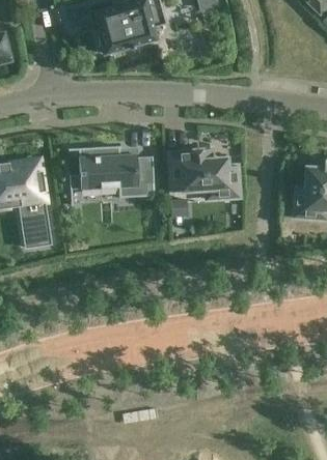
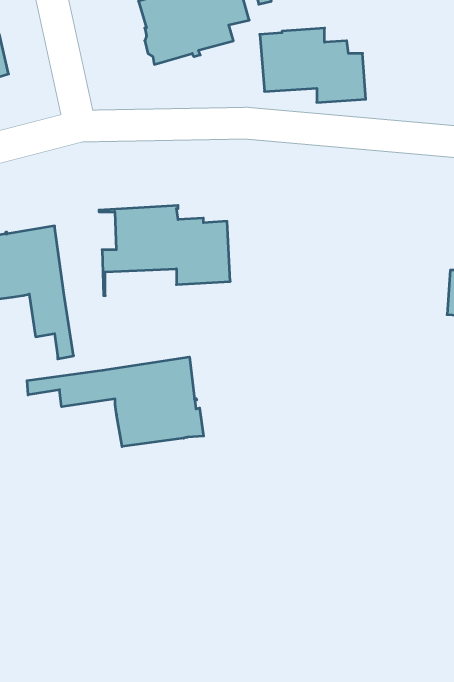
building: [168,150,238,199] -> [260,28,366,102]
building: none -> [27,357,204,447]

